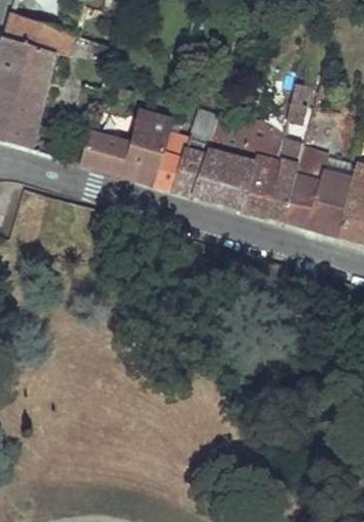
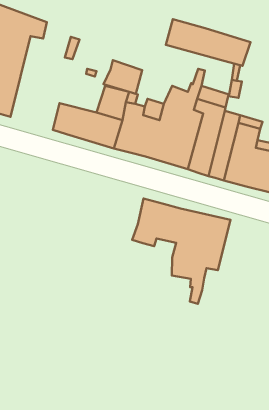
building: none -> [166,19,250,66]
building: none -> [104,60,142,94]
building: none -> [132,198,231,304]

